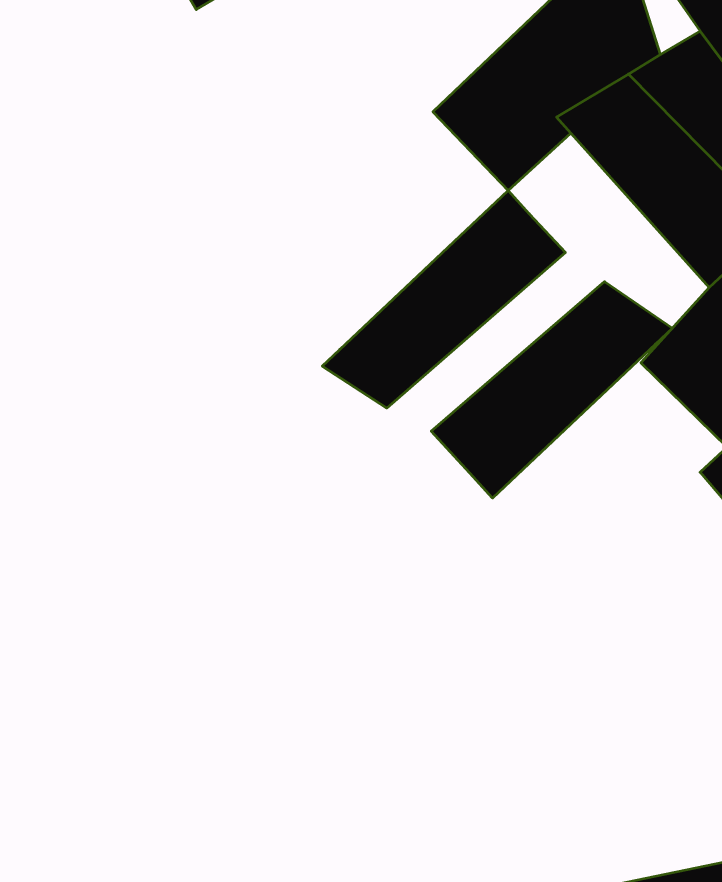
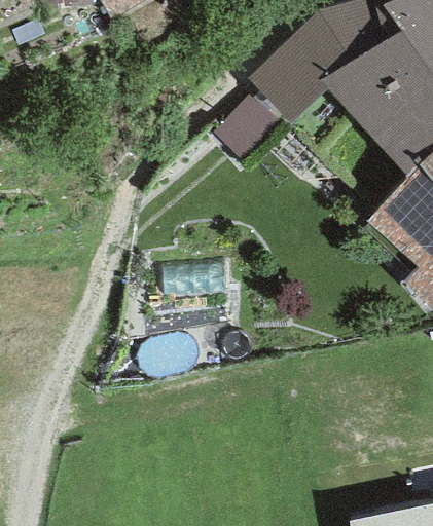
building: [322,191,565,408] -> none
building: [431,282,672,498] -> none

